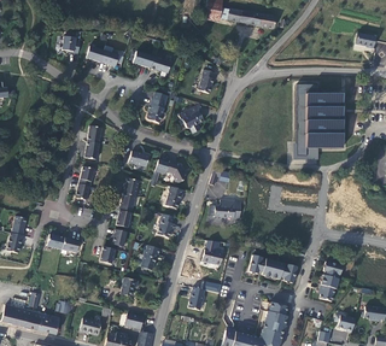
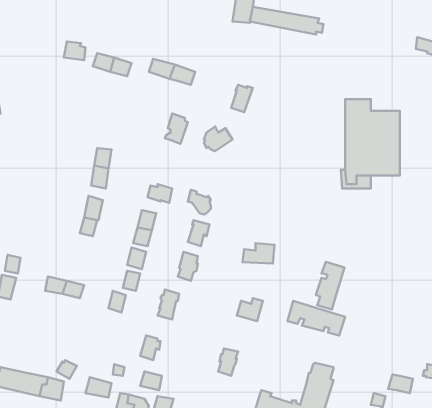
building: [316,259,340,299] -> [316,262,345,309]

